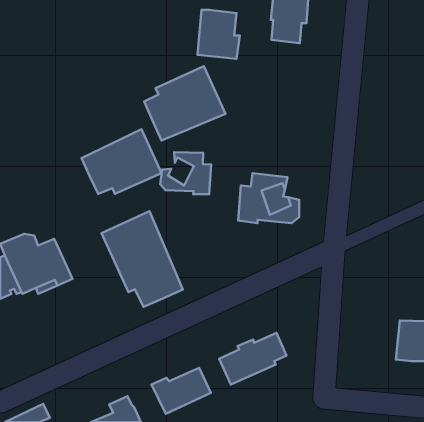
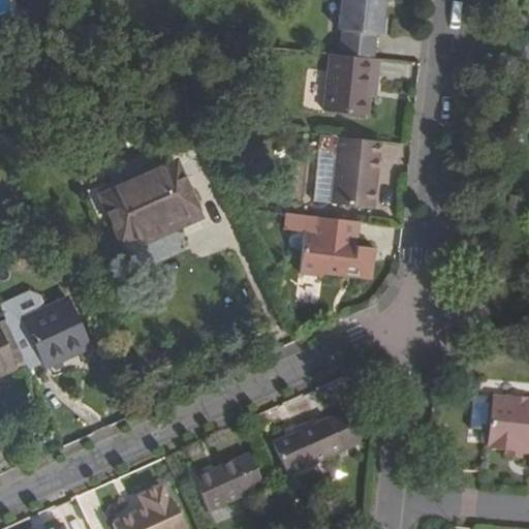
building: [197,10,240,59] -> [324,50,377,111]
building: [144,66,225,140] -> none
building: none -> [332,135,380,206]
building: [160,152,211,194] -> none
building: [101,211,183,307] -> none

